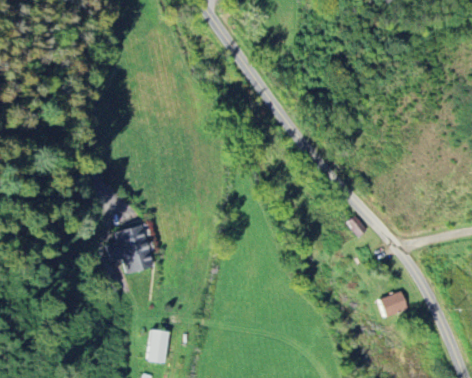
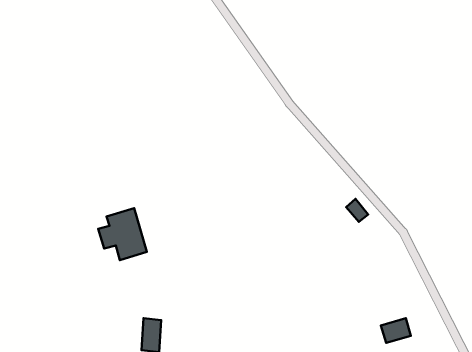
building: [379,291,408,315] -> [381,318,411,343]

